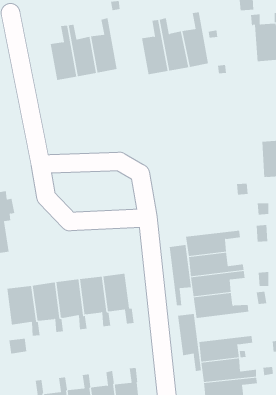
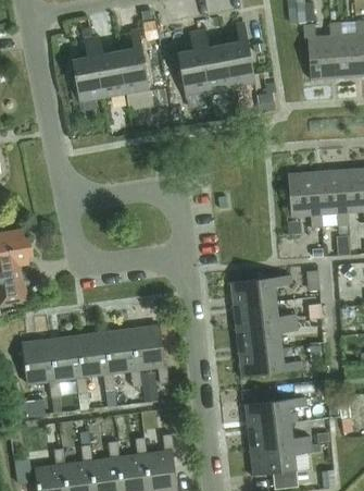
building: none -> [288,172,323,226]
building: [169,244,191,306] -> none
building: [178,313,201,372] -> none

